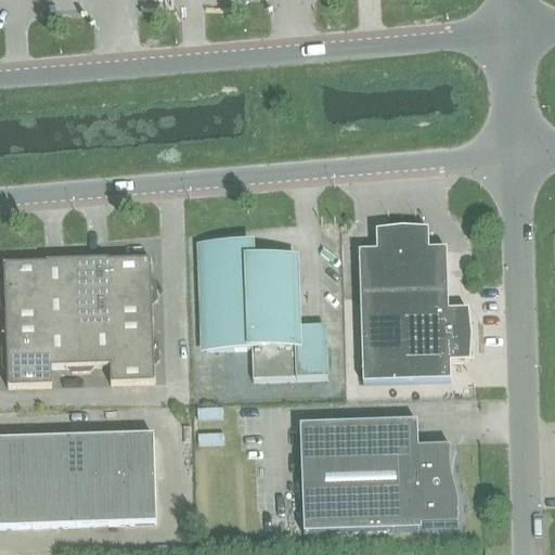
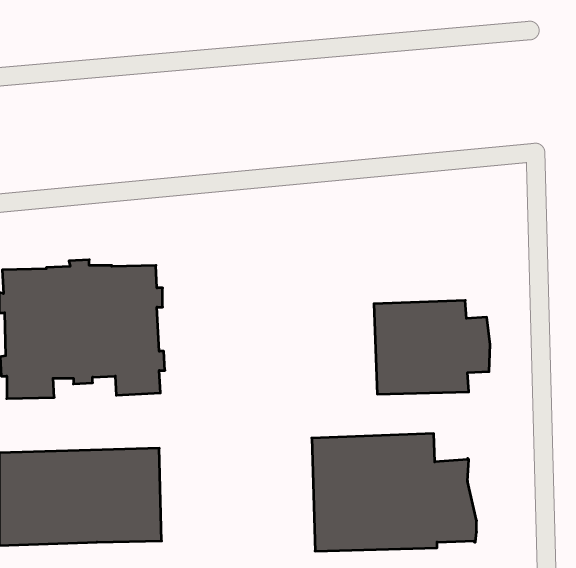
building: [358,223,447,292] -> none
building: [202,240,327,376] -> none

